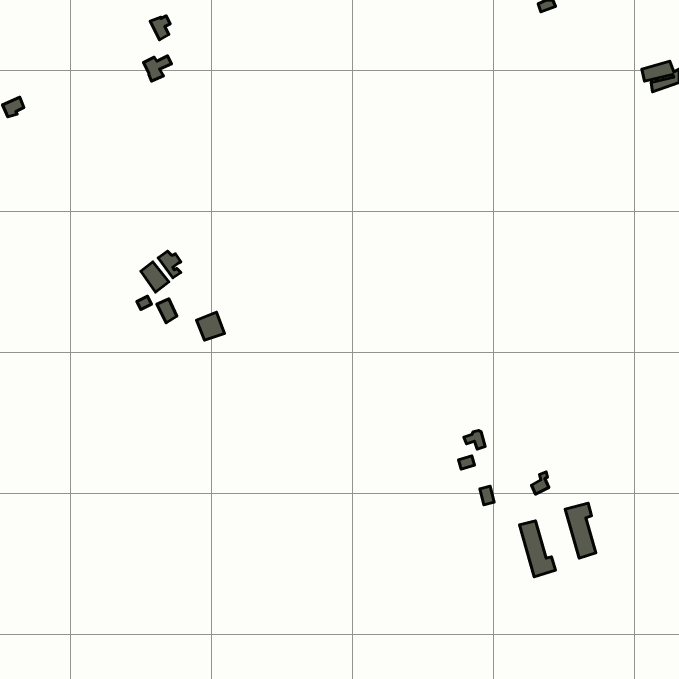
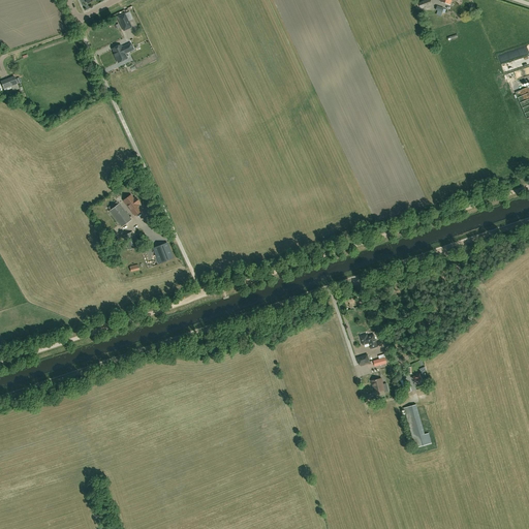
building: [565,503,596,558] -> none

